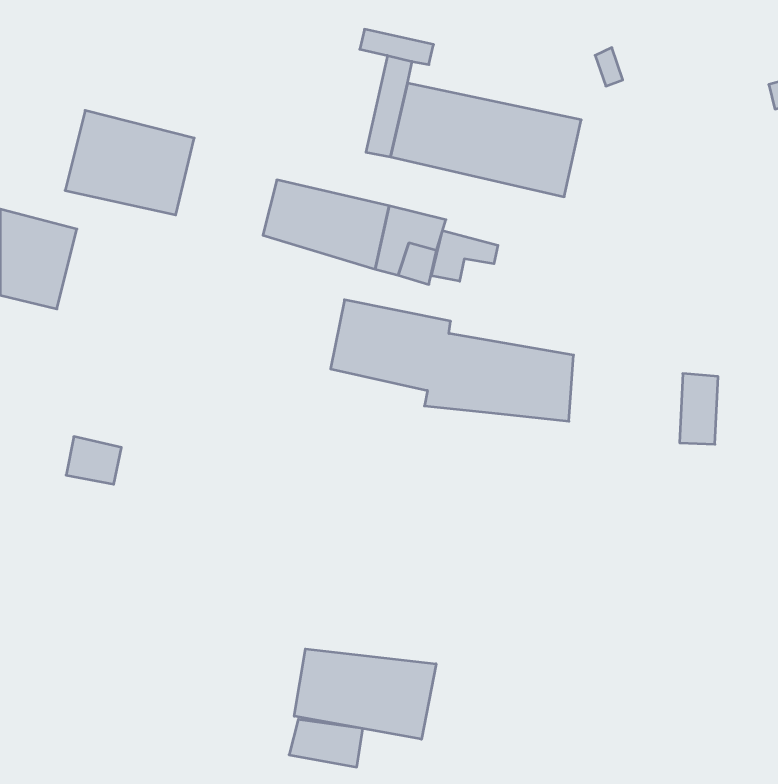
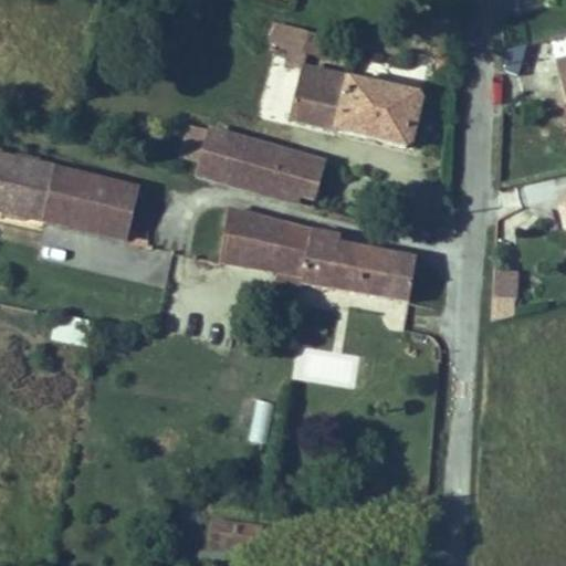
building: [65,110,194,215] -> [46,165,139,240]
building: [432,231,498,281] -> none
building: none -> [217,209,253,265]
building: [294,649,436,739] -> none

